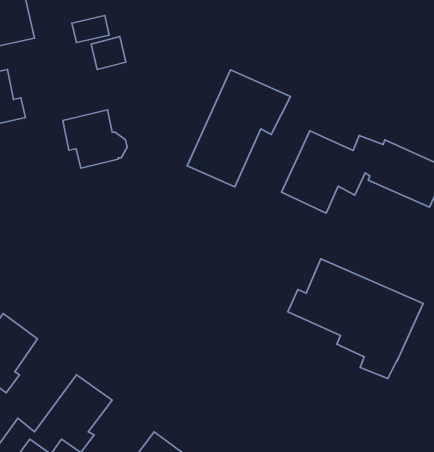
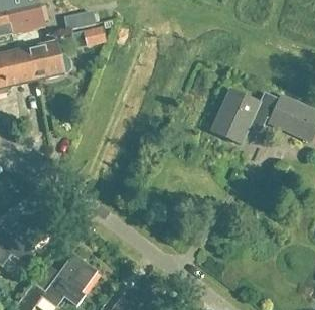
building: [187,70,290,187] -> none
building: [63,110,127,168] -> [26,40,69,80]
building: [288,259,423,378] -> none

